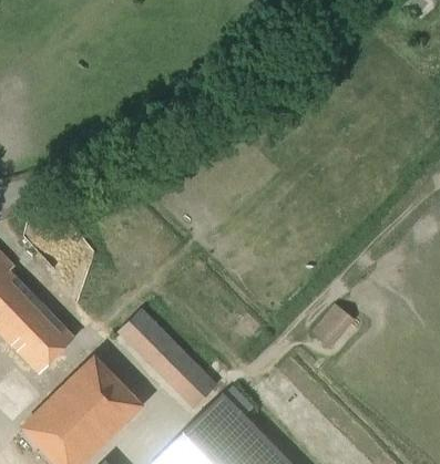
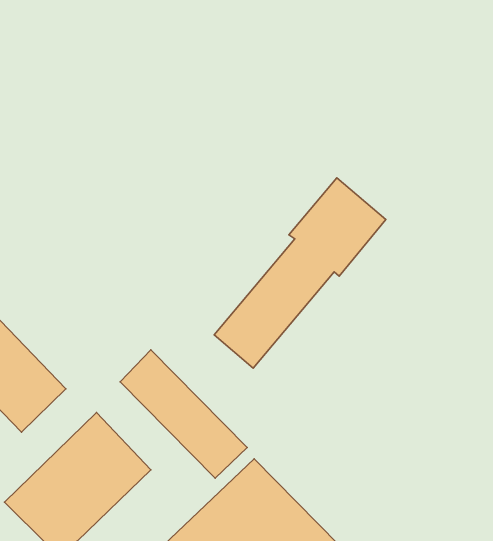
building: none -> [214,178,386,368]
building: [310,305,354,349] -> none

